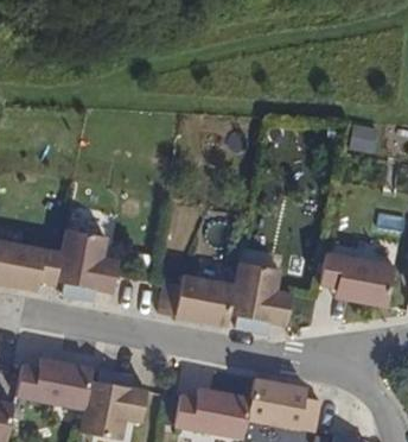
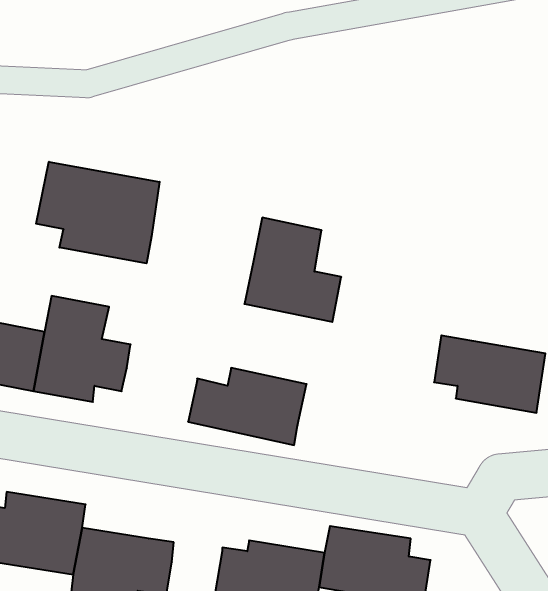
building: none -> [36,162,160,263]
building: [230,255,294,324] -> [244,218,341,322]

